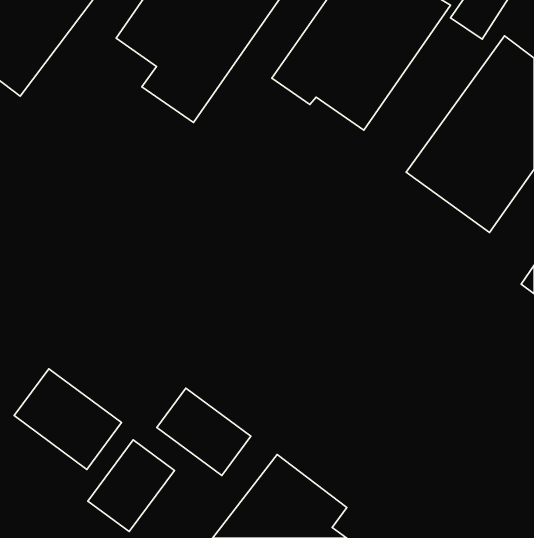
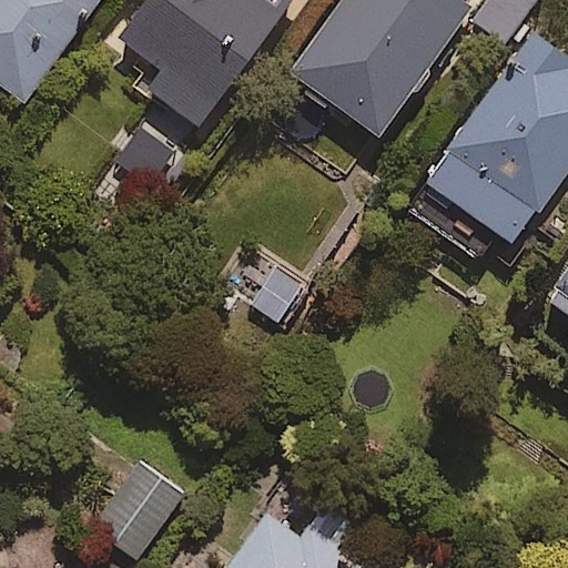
building: [14,369,122,470] -> none
building: [157,388,251,476] -> none

